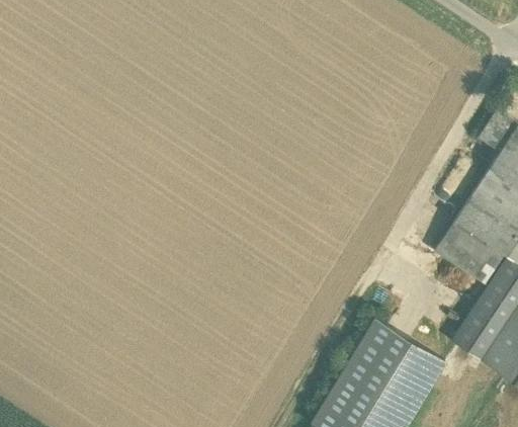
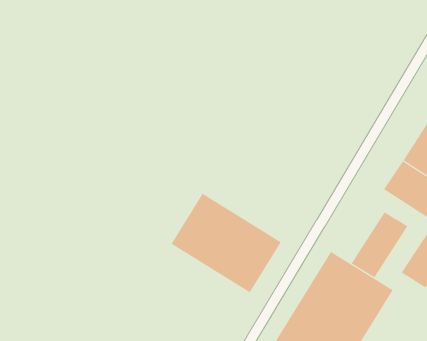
building: none -> [171,193,282,293]
building: none -> [351,211,408,278]

